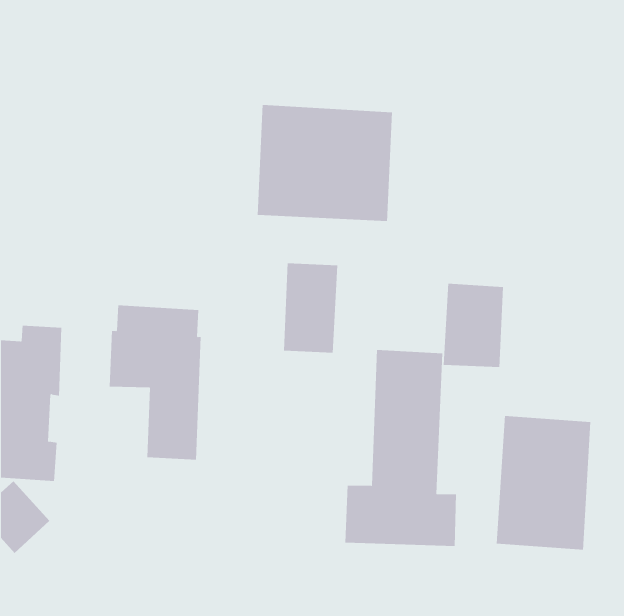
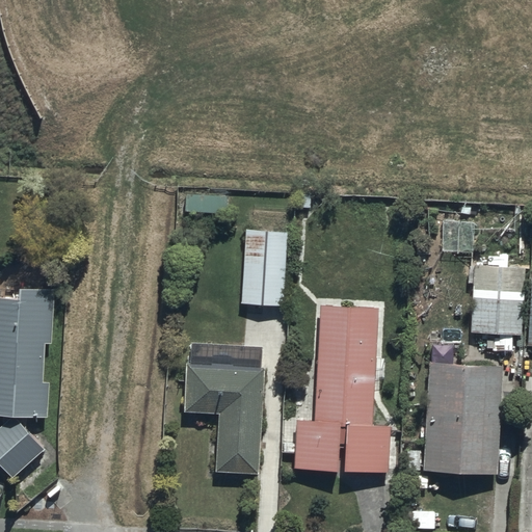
building: [257,104,392,222] -> none
building: [443,283,504,368] -> [472,264,524,336]
building: [109,305,202,460] -> [184,343,263,475]

